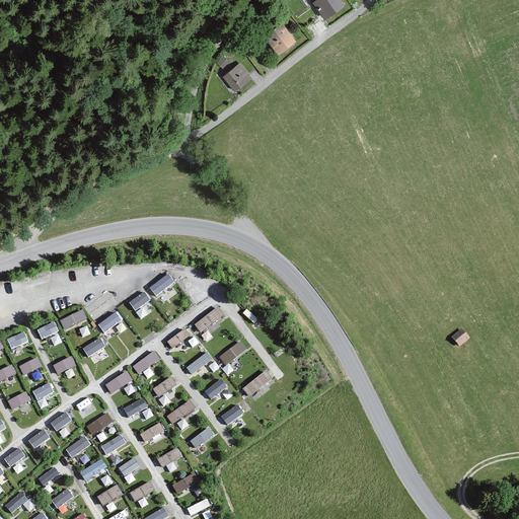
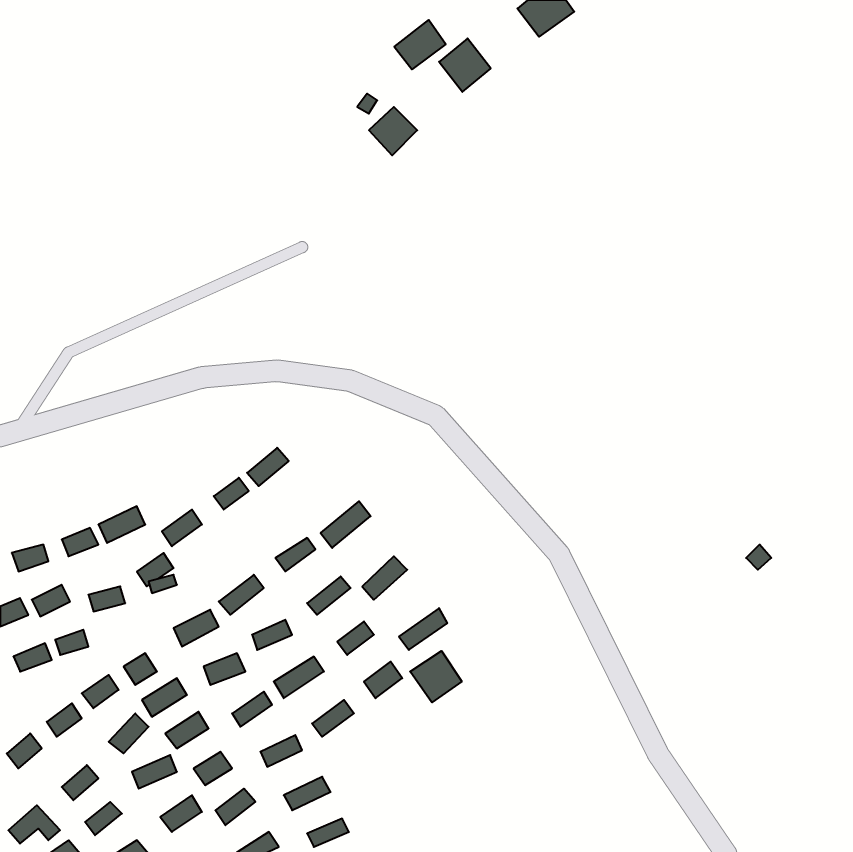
building: none -> [394,20,446,69]
building: none -> [410,651,462,702]

